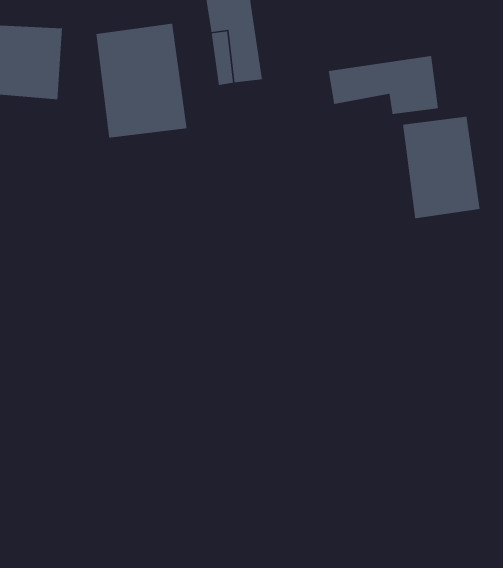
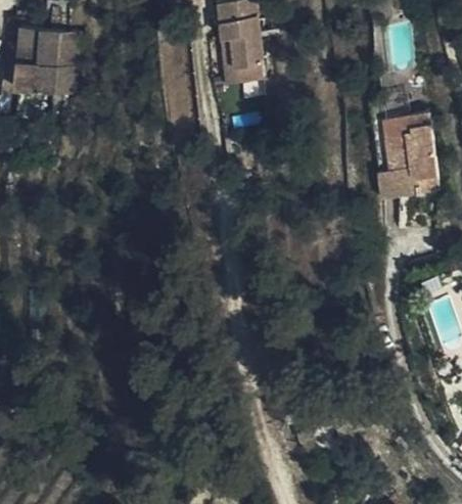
building: [95,23,188,138] -> none
building: [328,55,439,115] -> none

